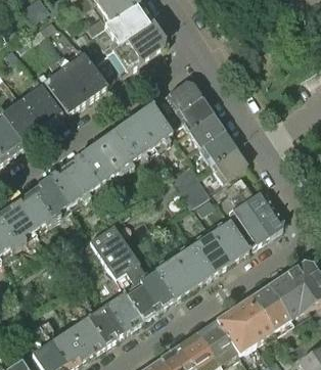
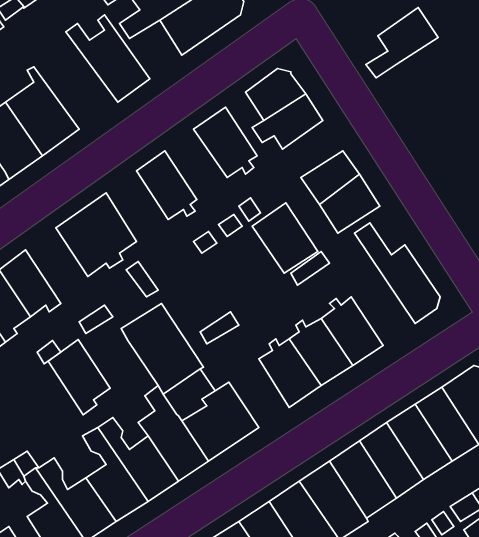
building: [38,58,87,115] -> none
building: [180,112,224,155] -> [366,7,438,78]
building: [116,118,153,160] -> none
building: [80,143,118,186] -> none
building: [31,178,68,224] -> [48,339,110,415]
building: [224,181,268,246] -> none
building: [153,258,191,299] -> none

